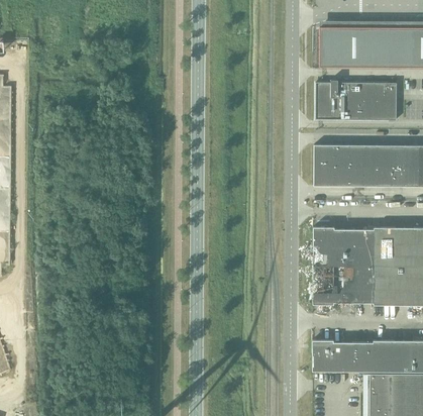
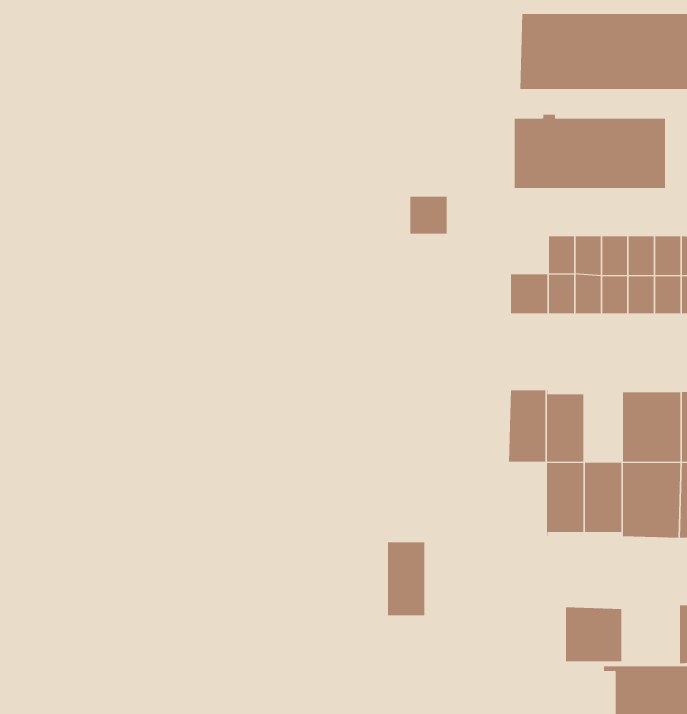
building: [314,144,334,165] -> [409,196,447,234]
building: [353,228,374,265] -> none
building: [313,265,333,304] -> [387,542,425,616]
building: [313,339,343,371] -> none
building: [374,340,404,372] -> none

